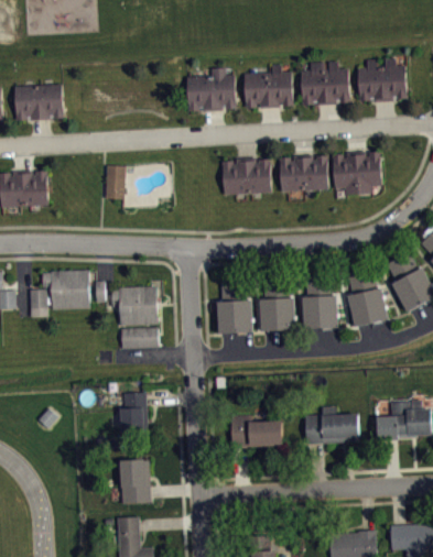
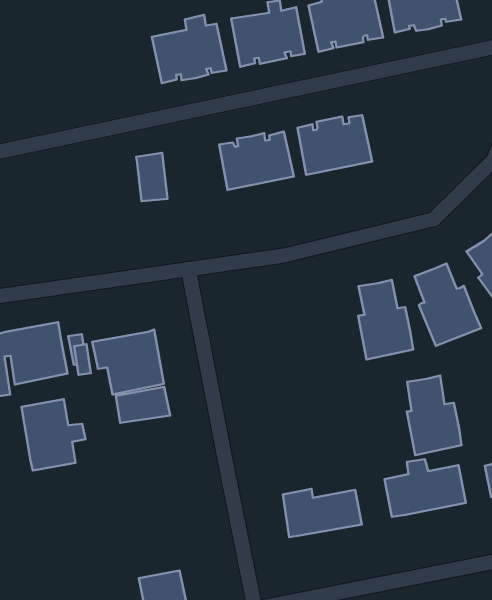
building: [332,152,382,195] -> none
building: [105,165,125,198] -> [136,153,167,201]
building: [260,277,295,331] -> [407,375,462,455]
building: [217,280,253,334] -> none
building: none -> [22,399,86,471]
building: [120,392,148,435] -> none

